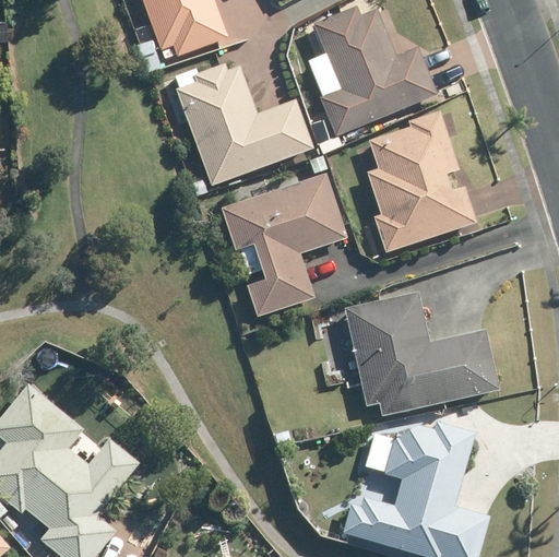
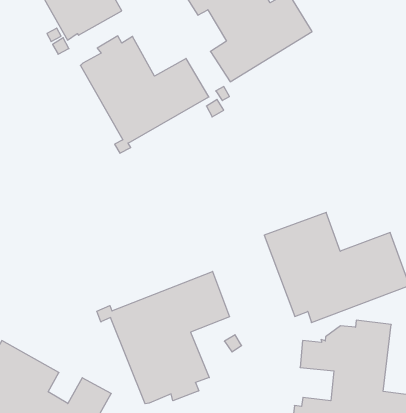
building: [365,109,473,251] -> none
building: [216,173,343,317] -> none
building: none -> [97,271,230,404]

